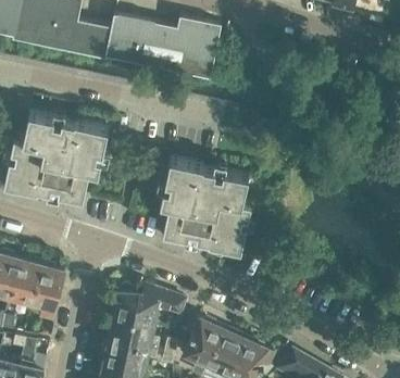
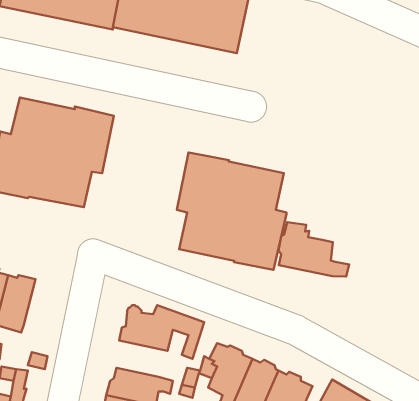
building: none -> [278,222,349,277]
building: [32,264,65,319] -> none
building: [110,315,160,349] -> none

